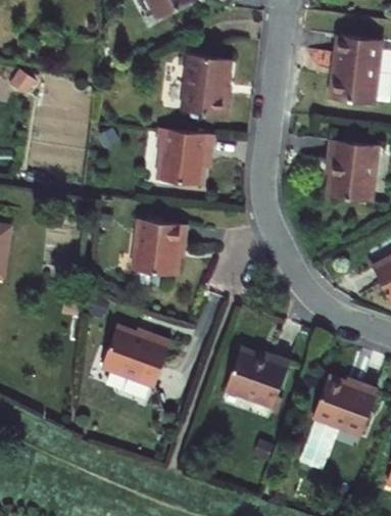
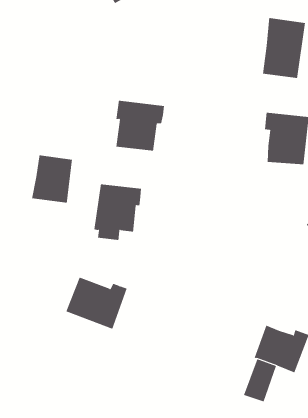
building: [183,54,232,115] -> none
building: none -> [32,154,73,203]
building: [228,349,290,406] -> none

